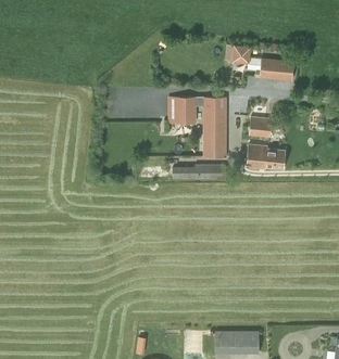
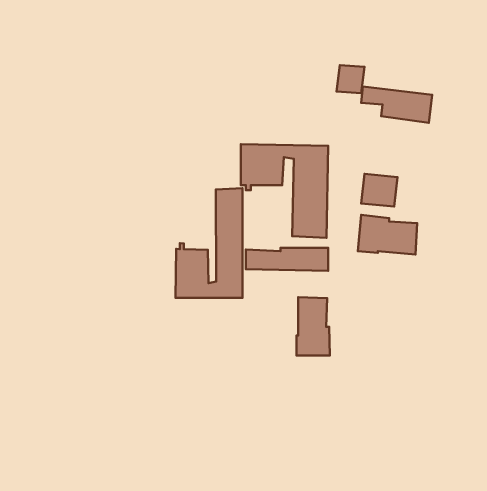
building: none -> [176,188,242,298]
building: none -> [296,297,330,356]

